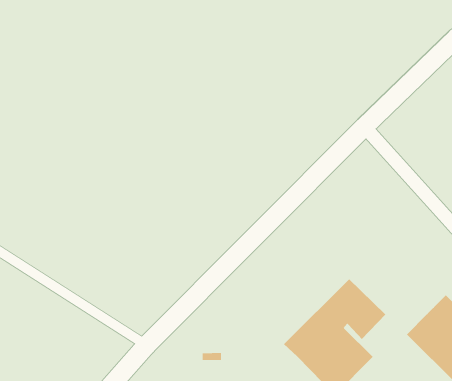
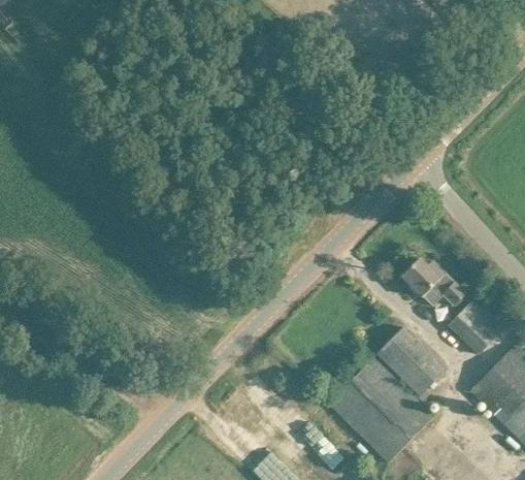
building: none -> [401,259,466,307]
building: none -> [450,299,503,353]

